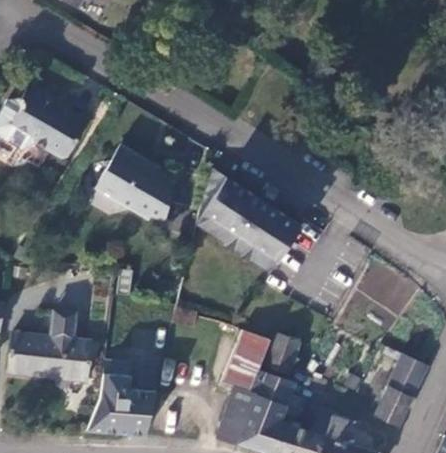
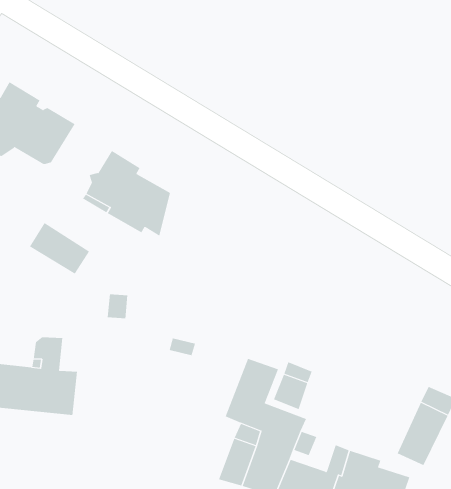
building: [197,168,301,267] -> none
building: none -> [29,222,90,275]
building: [88,360,156,436] -> none

